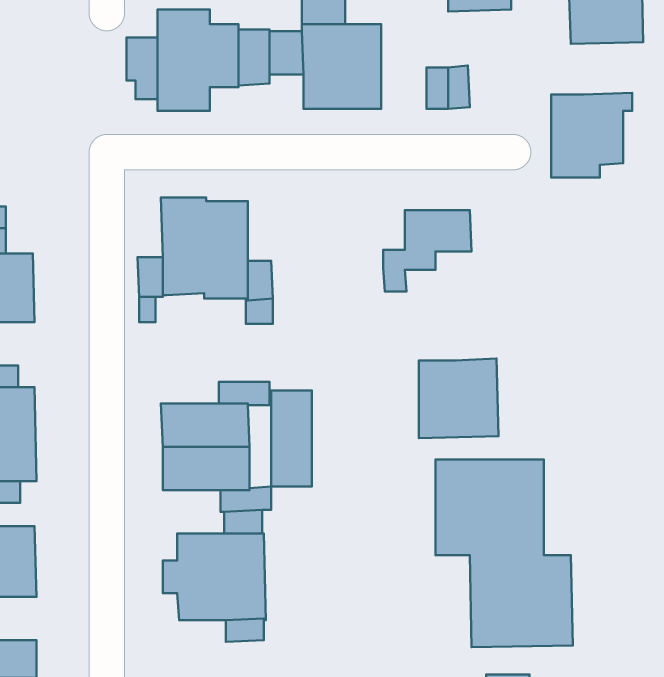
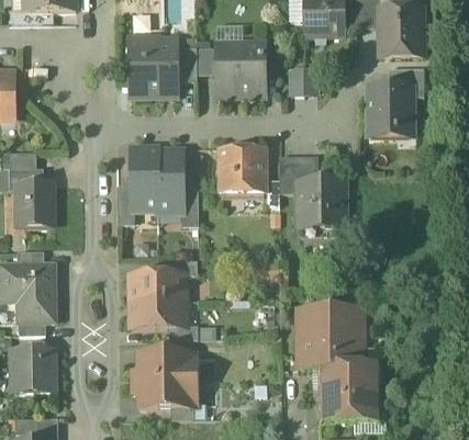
building: [127,38,157,99] -> none
building: none -> [388,67,423,95]
building: none -> [219,147,266,192]
building: [419,359,498,438] -> [298,180,346,228]
building: [271,391,312,486] -> none

